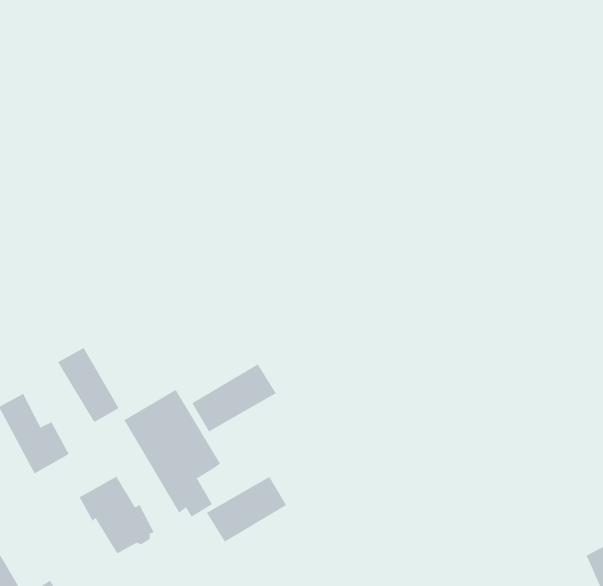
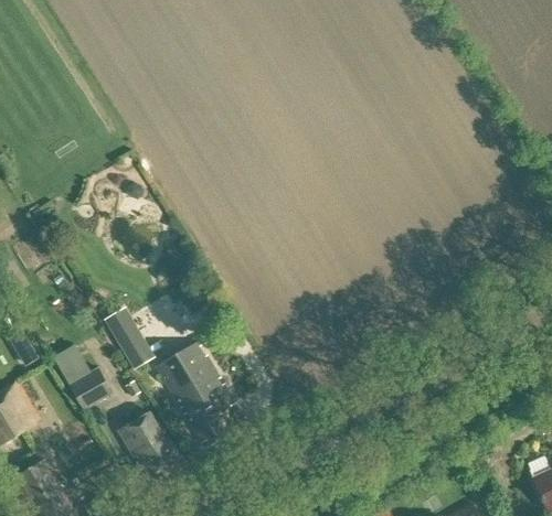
building: [191,364,276,432] -> none
building: [206,476,287,542] -> none

